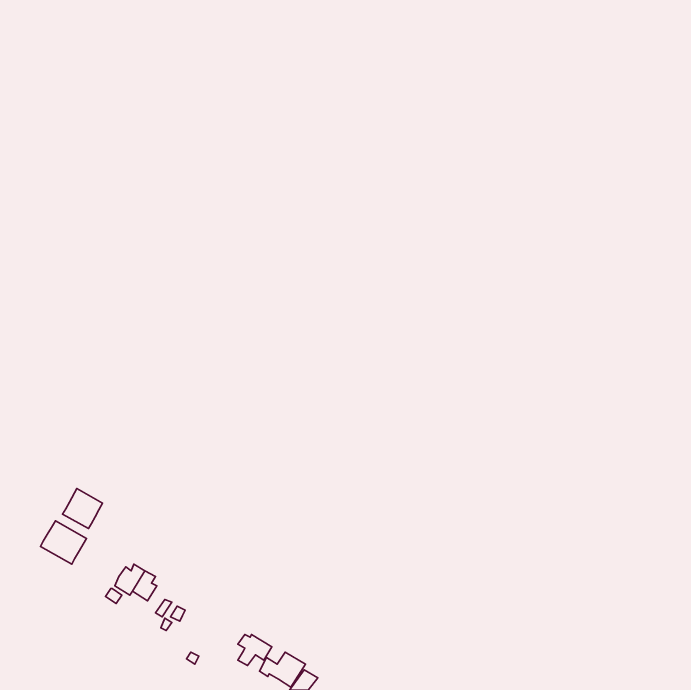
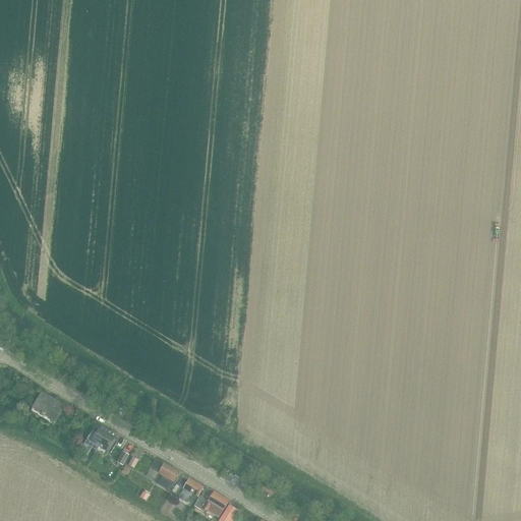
building: [63,489,102,529] -> none
building: none -> [156,462,180,489]

